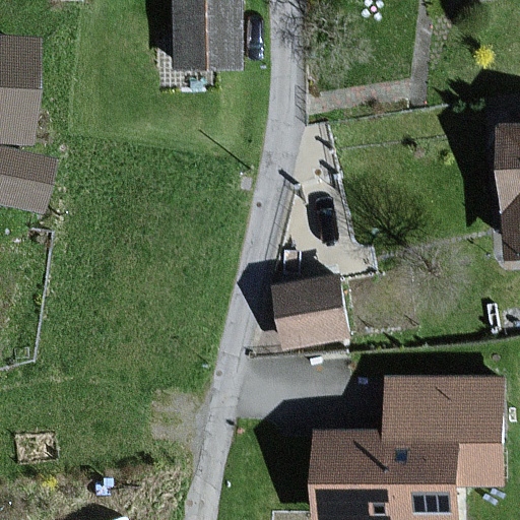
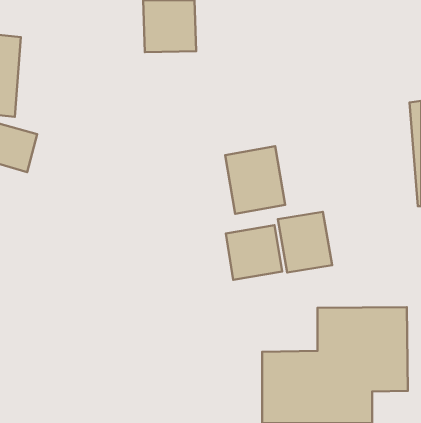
building: none -> [225,146,285,214]
building: none -> [278,212,332,273]

